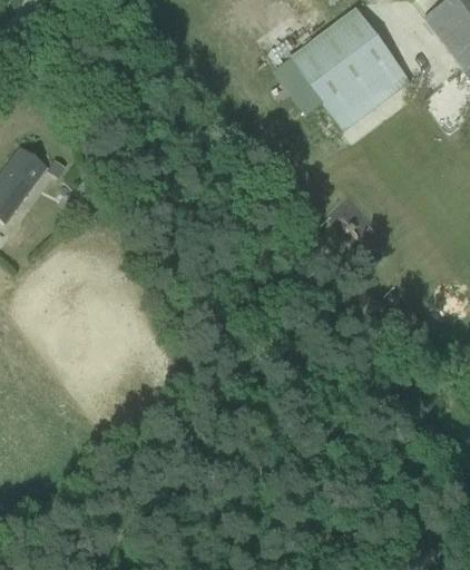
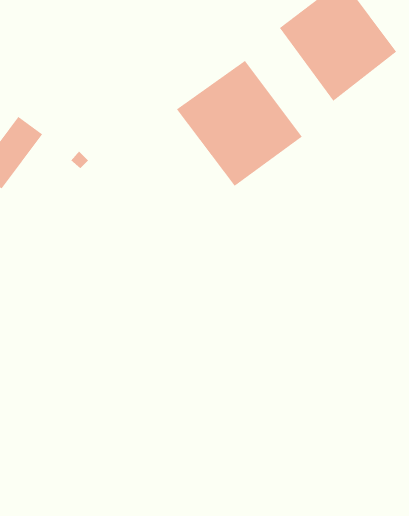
building: none -> [176,60,303,187]

